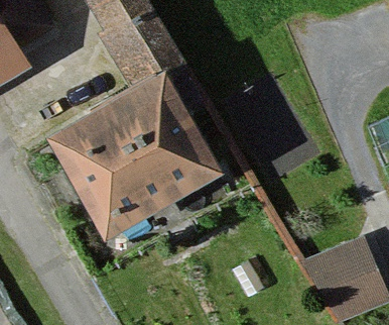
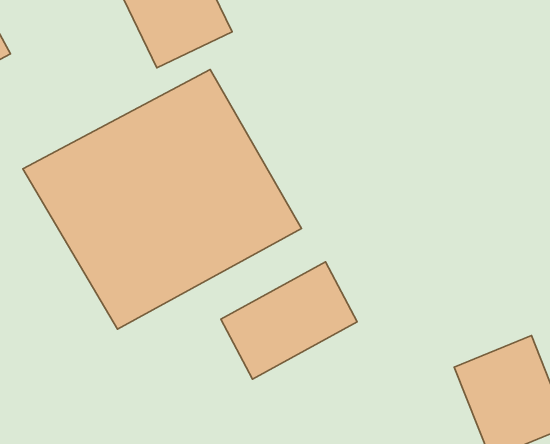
building: none -> [221,262,357,379]

